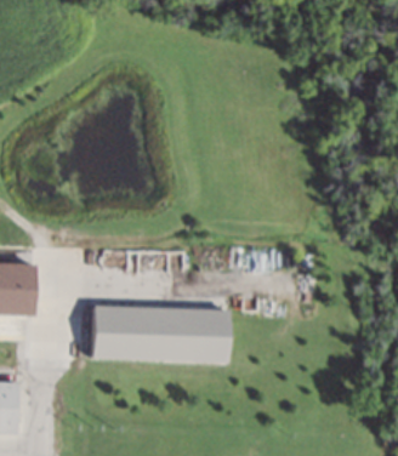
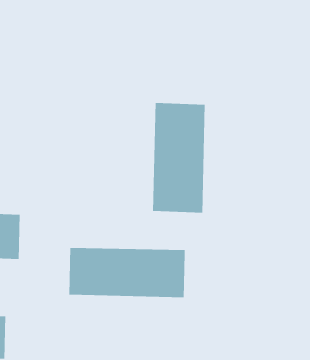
building: none -> [152,102,206,213]

